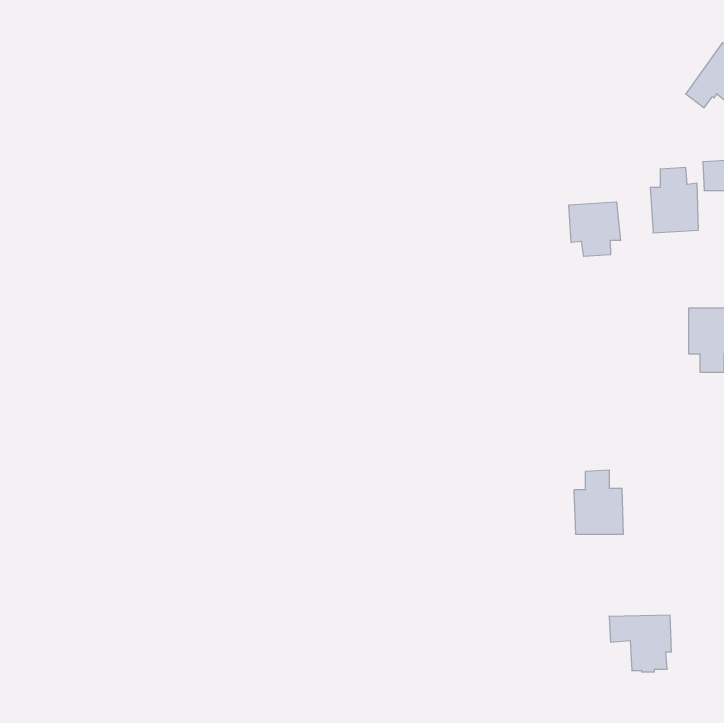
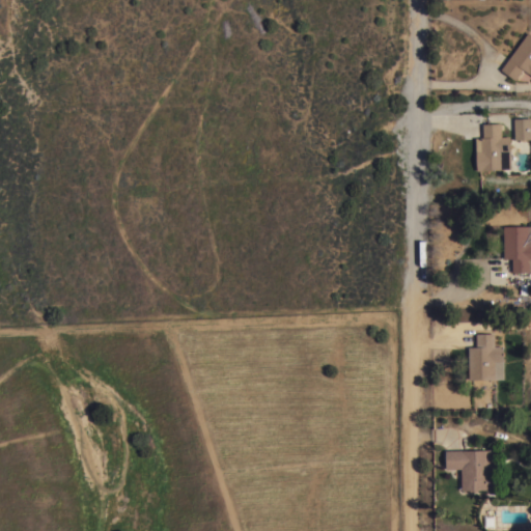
building: [569,202,621,257] -> none
building: [574,470,624,534] -> [469,334,505,381]

